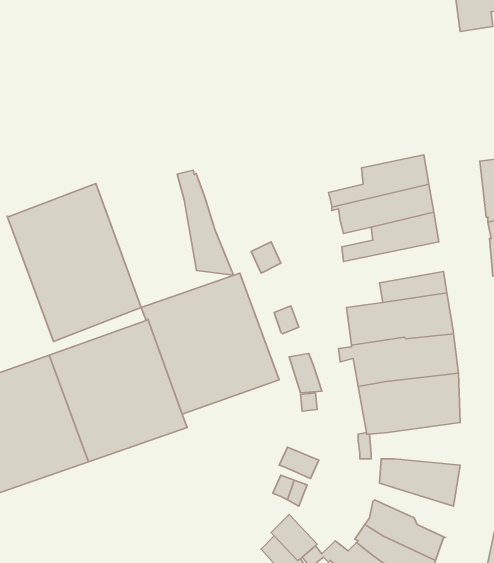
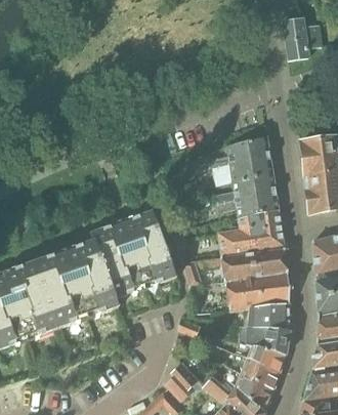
building: [177,170,234,275] -> none
building: [7,183,141,342] -> none
building: none -> [216,191,279,216]
building: none -> [243,303,289,330]
building: none -> [236,341,285,375]

